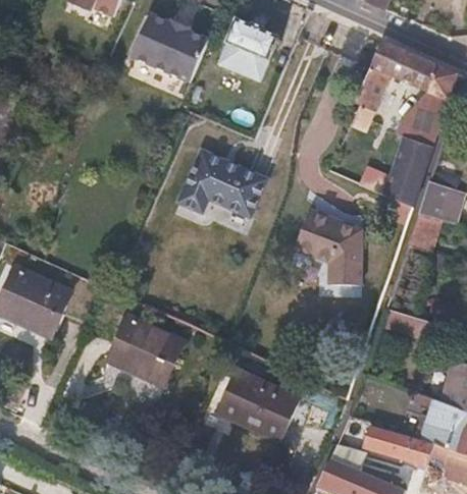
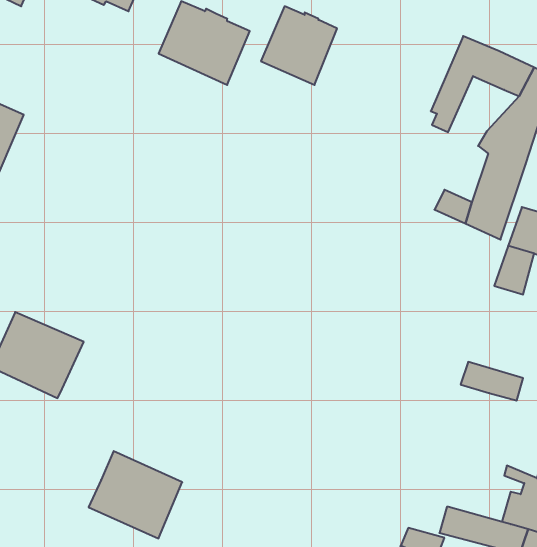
building: [178,150,267,217] -> none
building: [295,209,362,285] -> none
building: [108,315,185,386] -> [89,451,182,538]
building: [219,371,300,441] -> none

